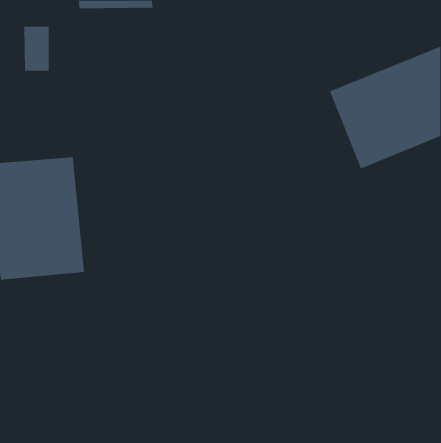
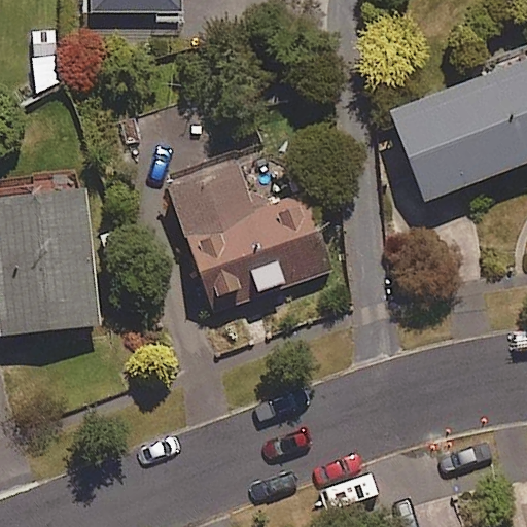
building: none -> [171,166,330,311]

